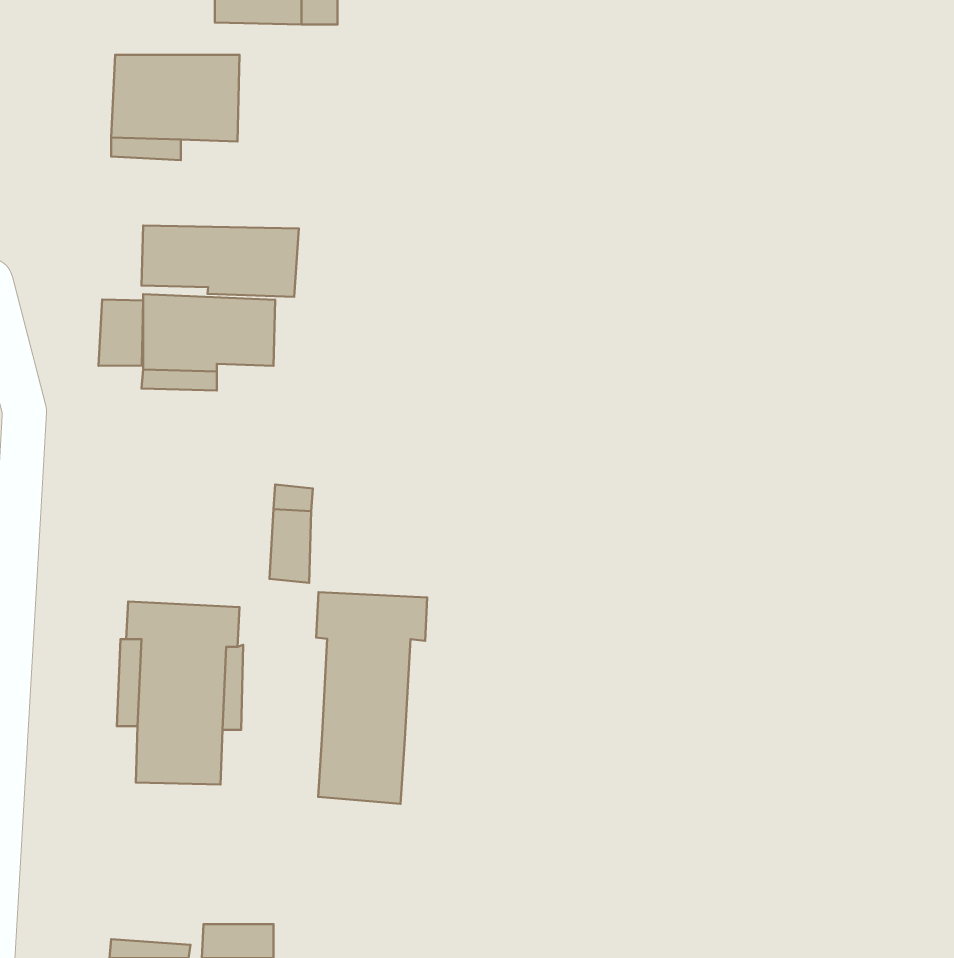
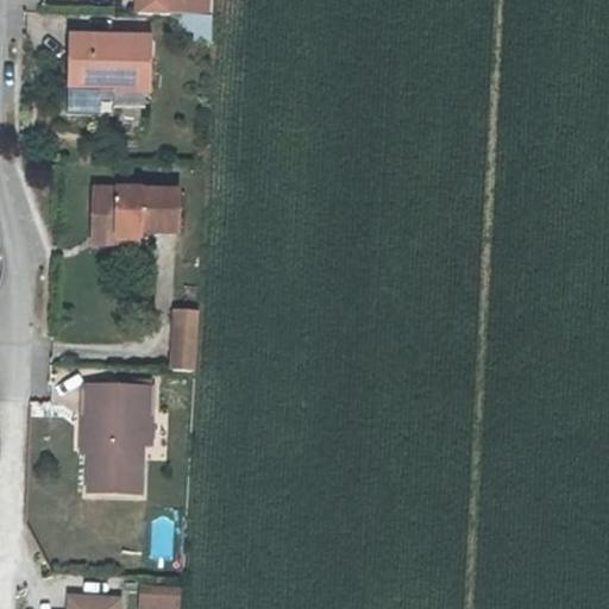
building: [141,226,299,297] -> none
building: [99,299,143,366] -> none
building: [316,592,427,804] -> none

